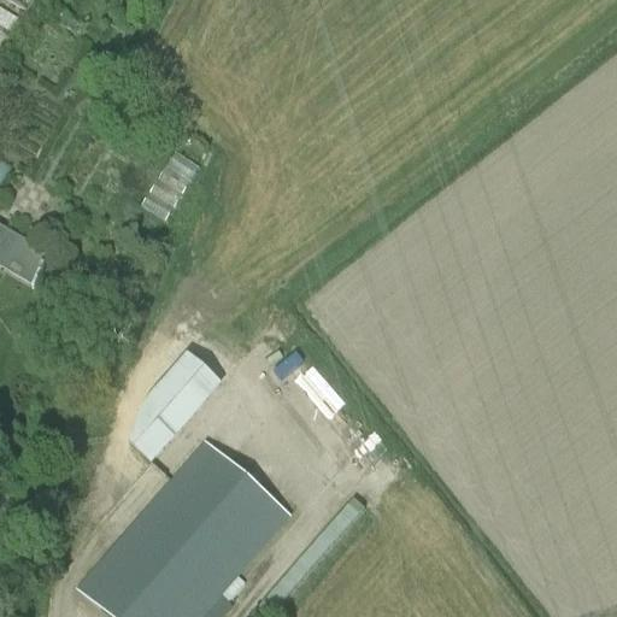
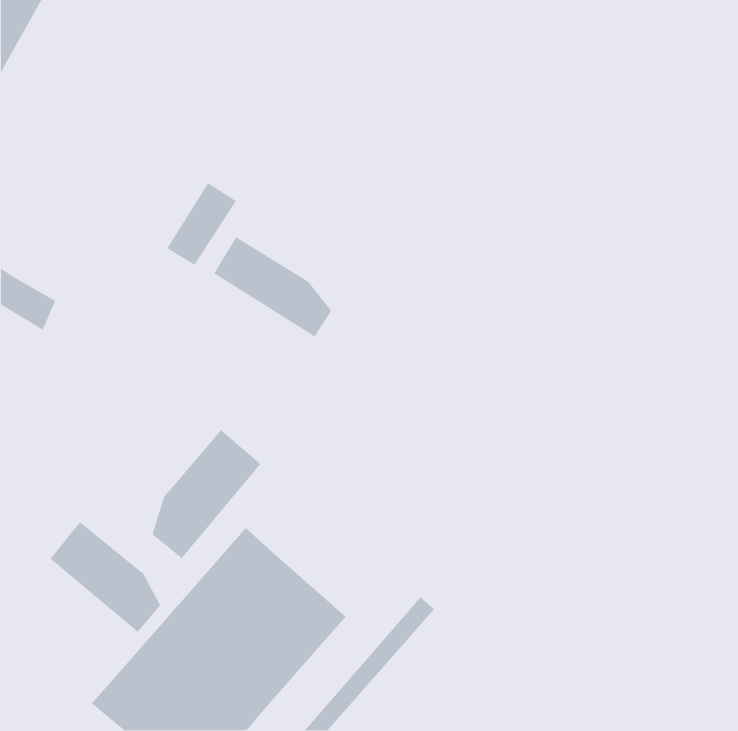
building: none -> [213,236,332,337]
building: none -> [49,521,161,633]

